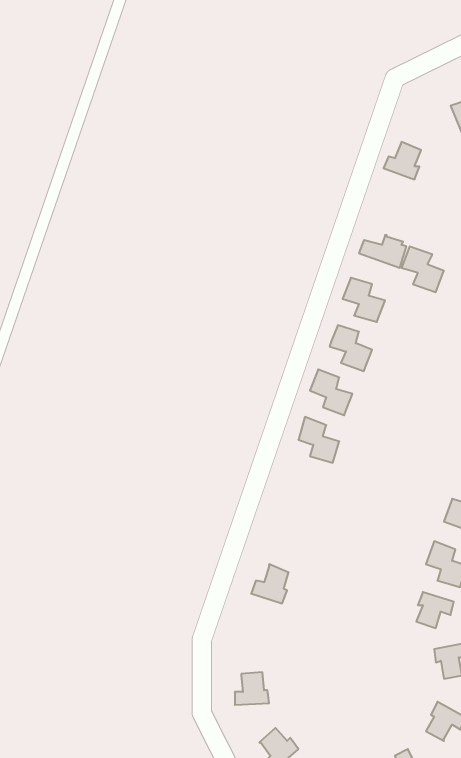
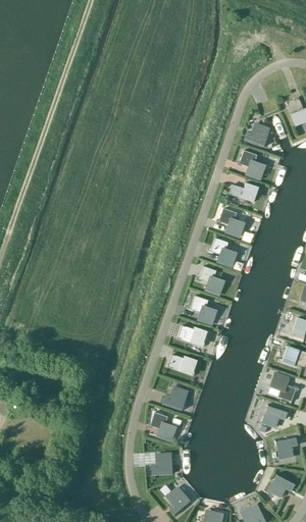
building: [401,246,444,292] -> [239,150,265,178]
building: none -> [177,325,208,347]
building: none -> [167,354,198,375]
building: none -> [150,412,175,439]

